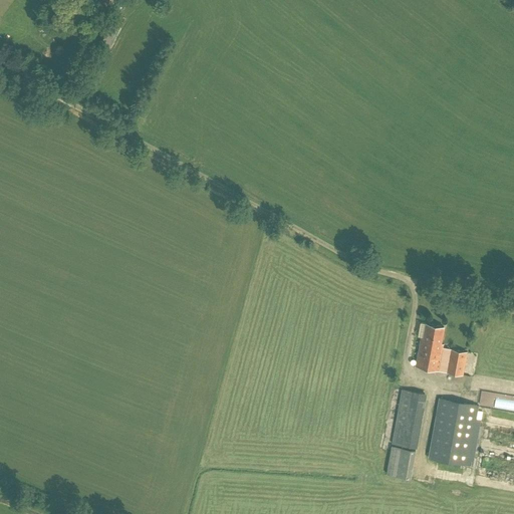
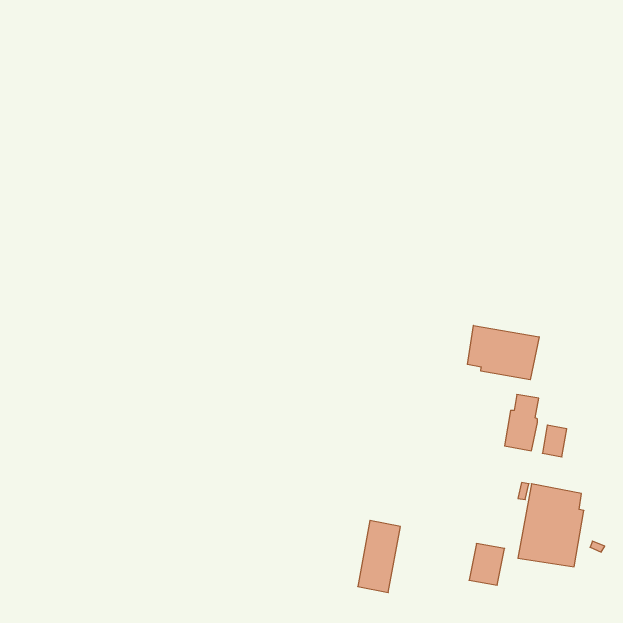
building: none -> [467,325,539,380]
building: [391,391,426,450] -> [358,520,400,593]

